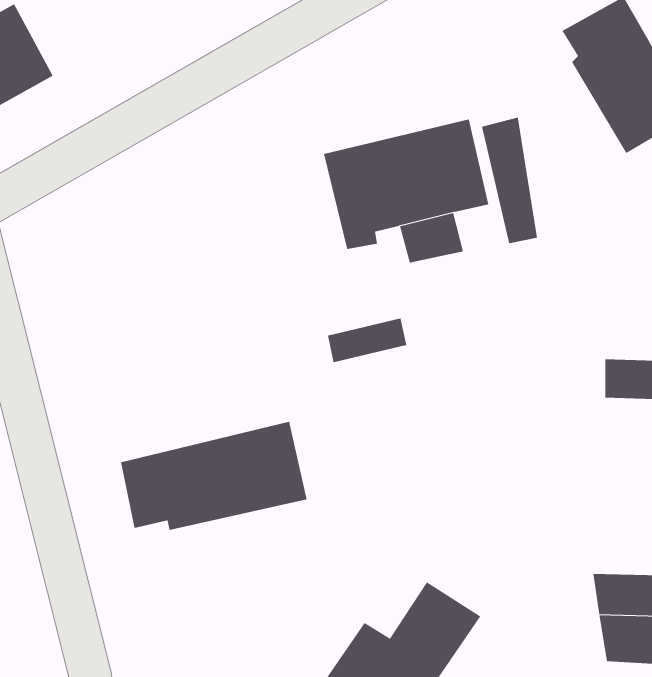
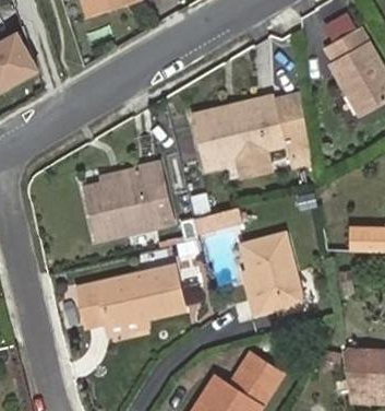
building: none -> [83,162,172,238]
building: none -> [242,233,302,312]

